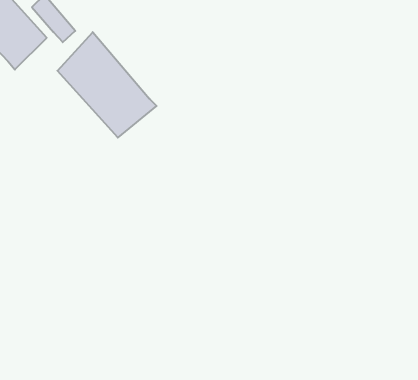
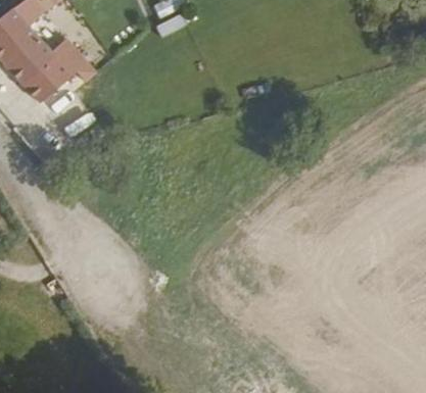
building: [57,32,157,138] -> none

